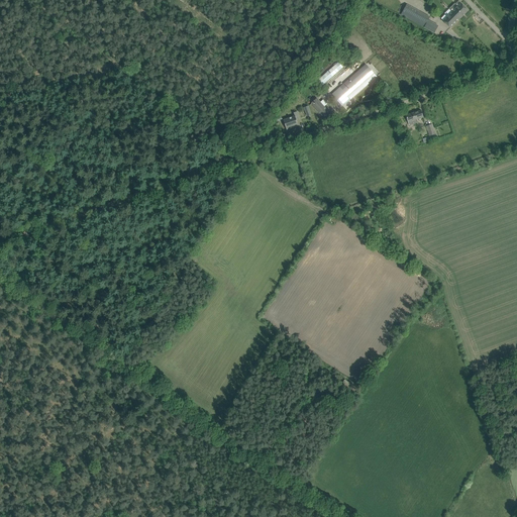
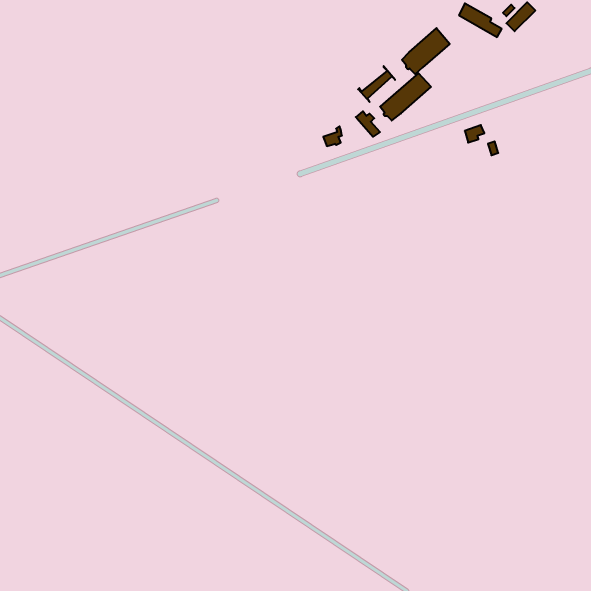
building: none -> [402,28,450,74]

